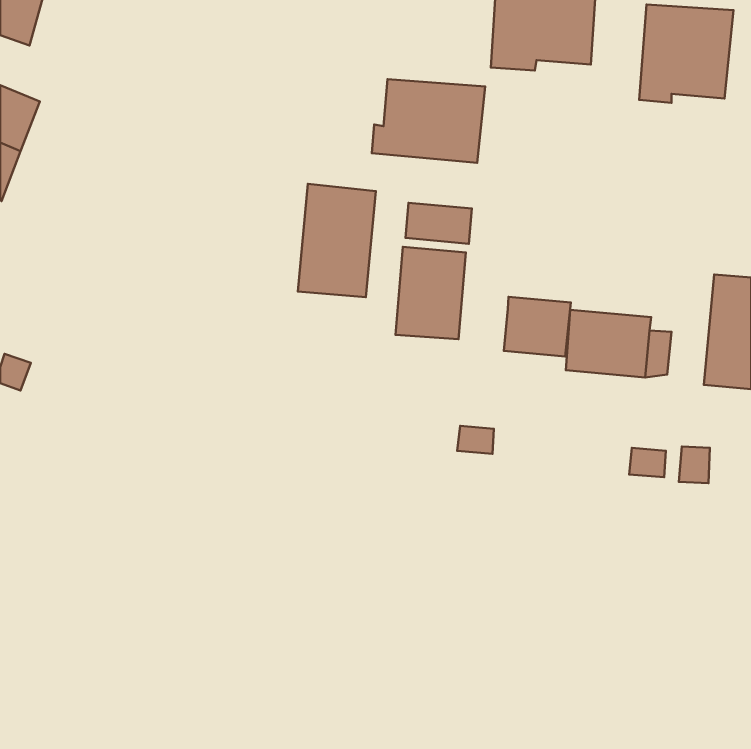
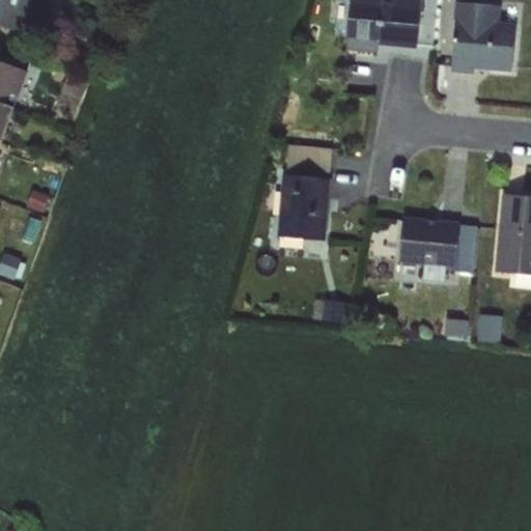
building: [372,79,485,163] -> none
building: [298,184,376,297] -> none
building: [504,297,571,356] -> none

